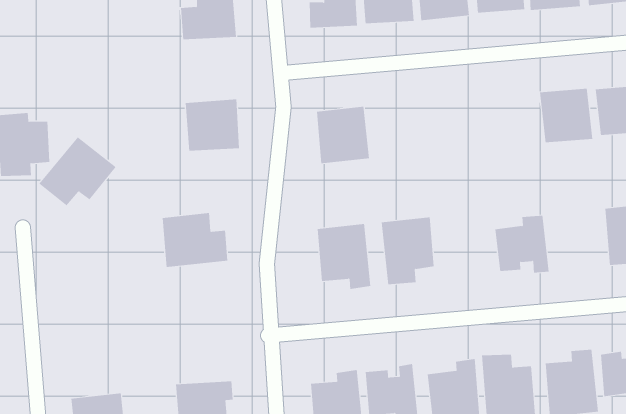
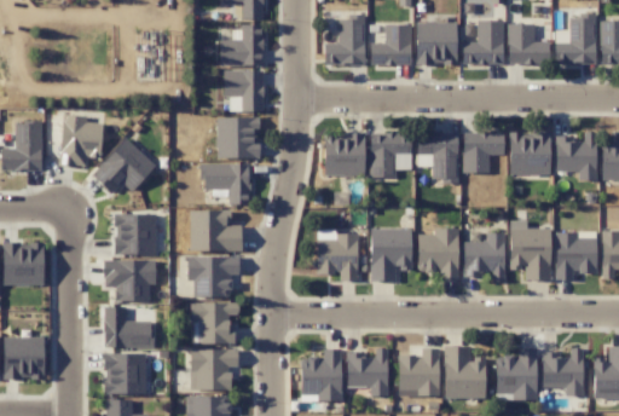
building: none -> [224,70,264,111]
building: none -> [463,132,504,173]
building: none -> [417,133,458,184]
building: none -> [369,133,411,178]
building: none -> [202,163,250,204]
building: none -> [509,220,550,281]
building: none -> [417,227,458,281]
building: none -> [114,213,156,255]
building: none -> [186,255,239,297]
building: none -> [104,260,156,301]
building: none -> [190,302,238,343]
building: none -> [104,306,154,348]

